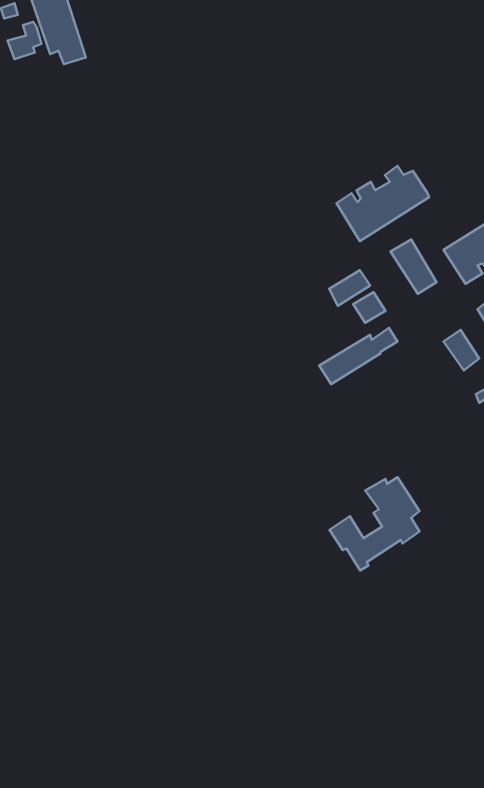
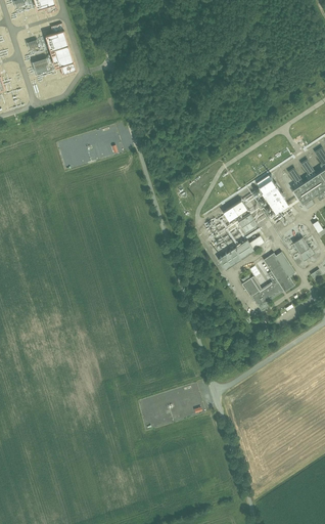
building: [337,166,429,241] -> none
building: [329,477,420,571] -> [240,252,294,308]

